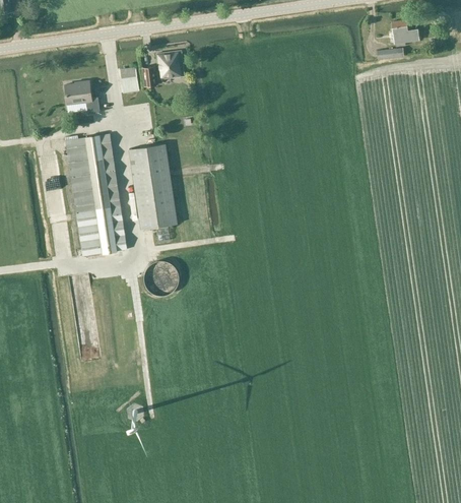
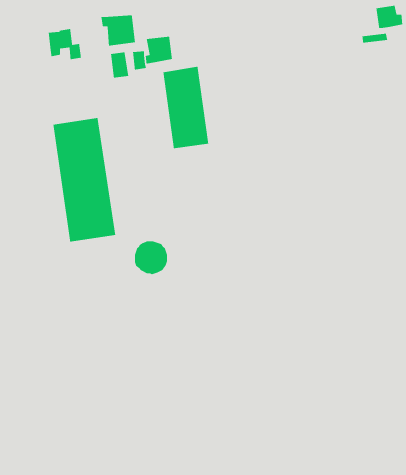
building: none -> [101,15,136,46]
building: [65,81,100,114] -> [48,28,82,60]
building: [129,143,177,229] -> [162,66,209,149]

